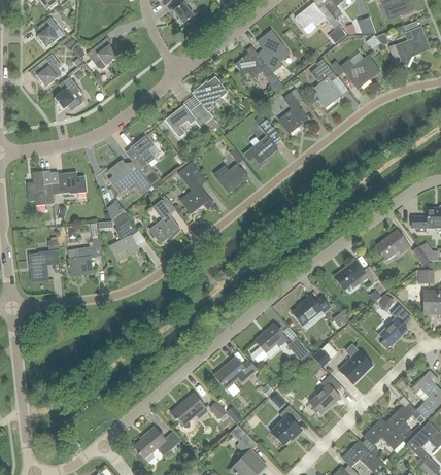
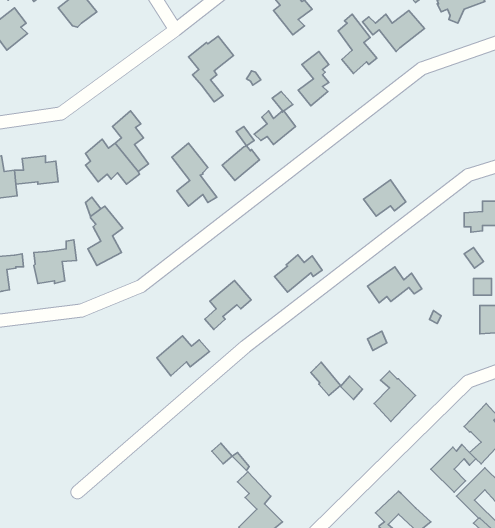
building: [234,53,276,81] -> none
building: [54,75,81,110] -> none
building: [164,103,211,138] -> none
building: [150,197,175,241] -> none
building: [375,229,409,258] -> [363,180,406,216]
building: [292,294,330,324] -> [275,255,322,292]
building: [379,304,410,348] -> none
building: [250,323,287,362] -> [205,280,251,329]
building: [214,357,257,388] -> [157,336,210,376]
building: [309,374,340,413] -> none
building: [170,392,205,427] -> none
building: [270,404,301,444] -> none
building: [361,416,403,452] -> none
building: [134,426,181,459] -> none

